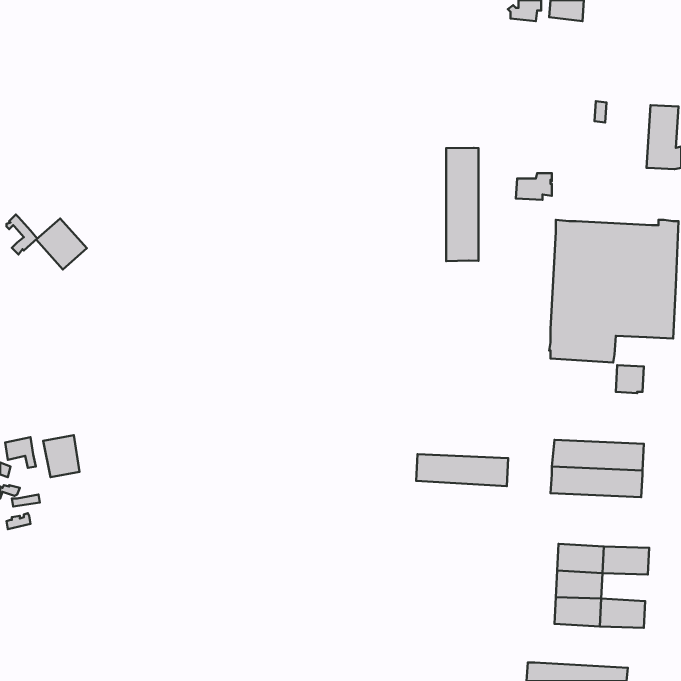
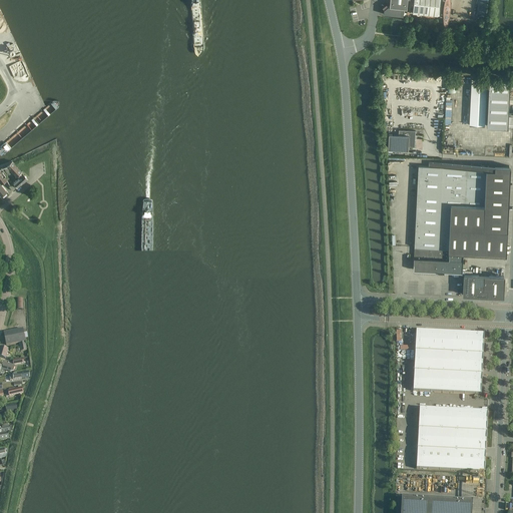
building: none -> [469,78,487,126]
building: [446,148,479,261] -> none
building: [36,218,87,269] -> none
building: none -> [483,276,504,297]
building: [43,435,80,477] -> none
building: [416,454,508,486] -> [413,371,482,395]
building: none -> [452,431,487,452]

